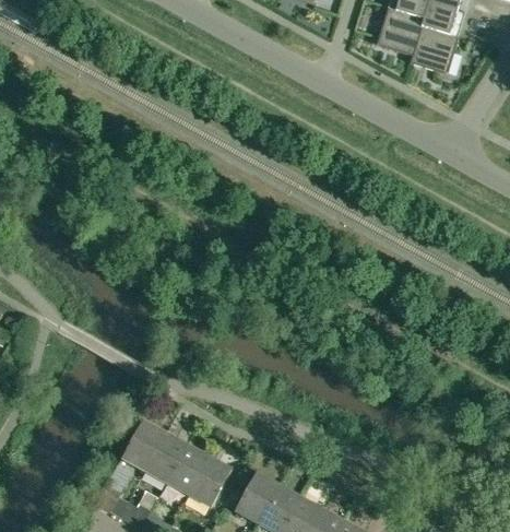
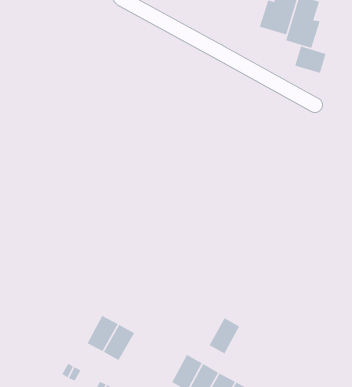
building: none -> [294,46,327,74]
building: [122,419,165,470] -> none
building: [188,456,232,506] -> none
building: [236,472,278,522] -> [209,317,240,355]

